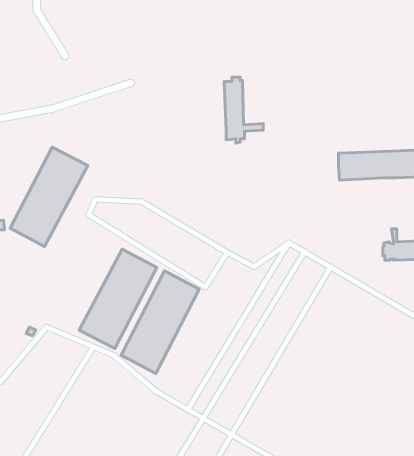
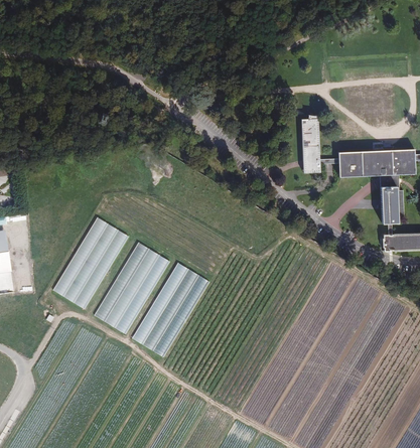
building: [224,77,263,143] -> [301,115,337,176]
building: [10,147,88,247] -> [55,216,128,309]
building: none -> [379,175,398,223]

